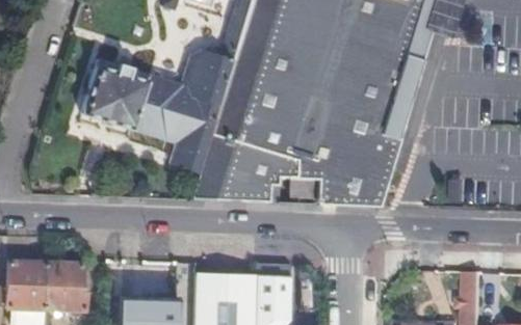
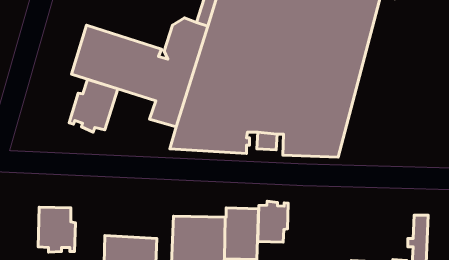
building: none -> [69,80,118,132]
building: none -> [258,201,288,242]
building: [9,263,47,308] -> none

